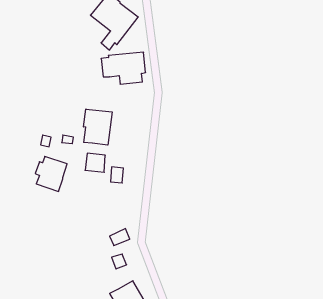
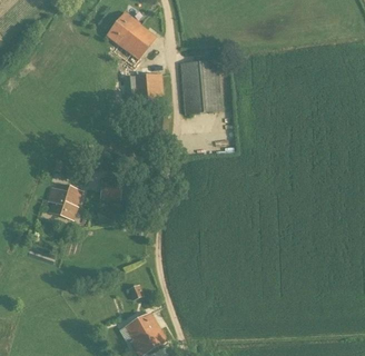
building: none -> [180,60,223,115]
building: [84,109,112,145] -> none

